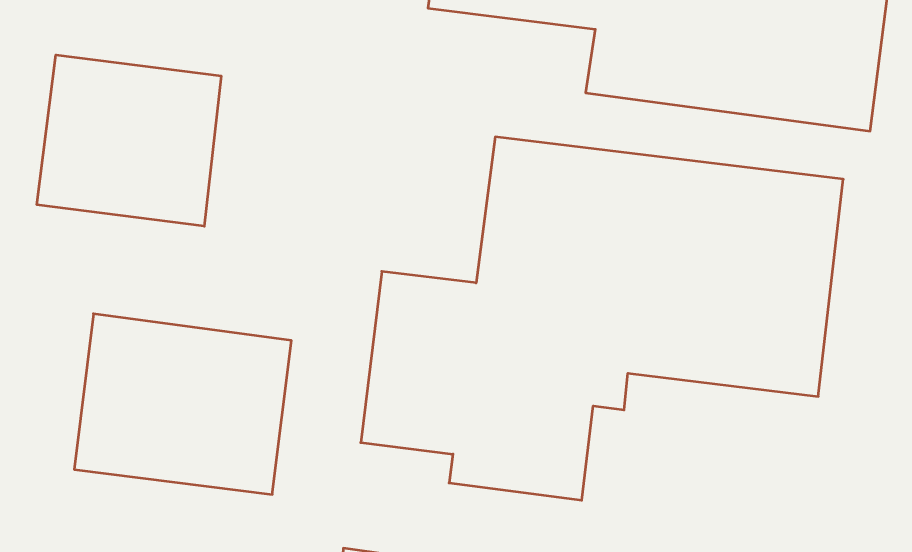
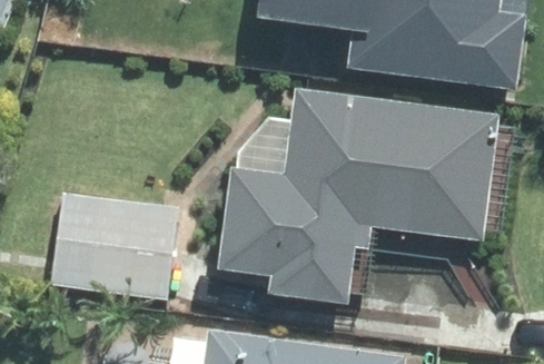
building: [37,55,221,226] -> none

